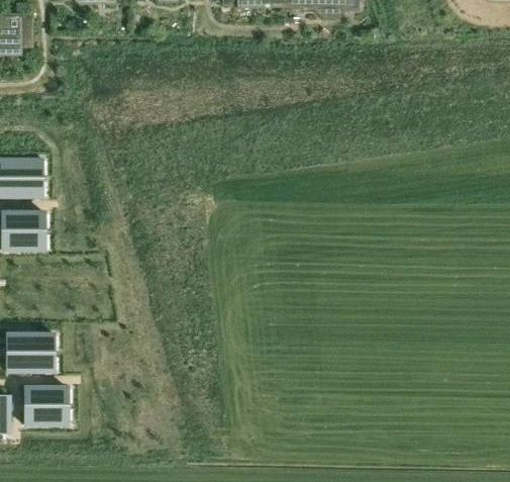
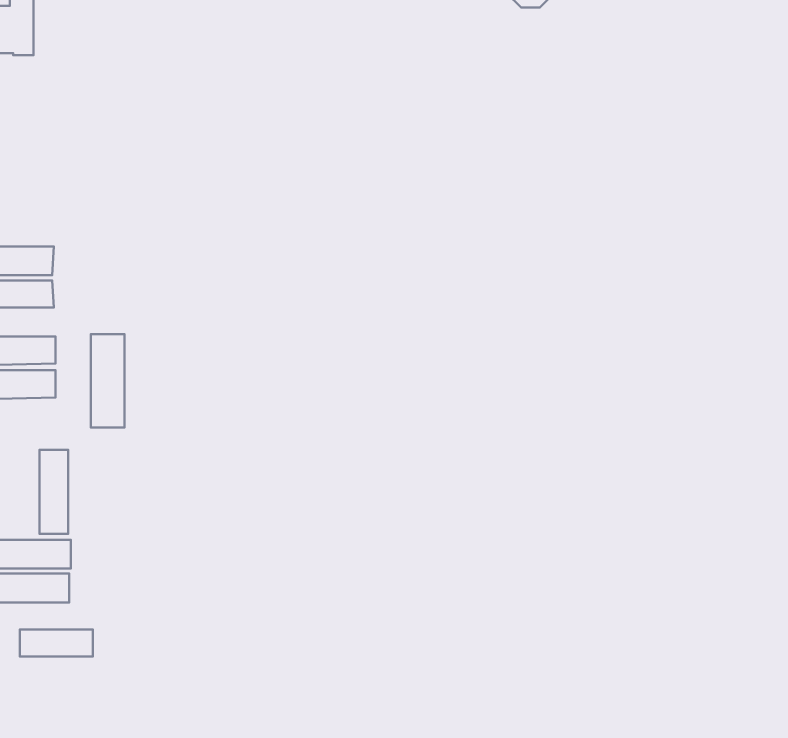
building: none -> [91,334,125,428]
building: none -> [40,450,68,534]
building: [24,403,68,420] -> none

